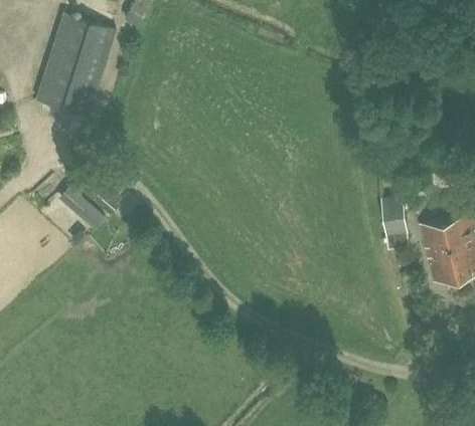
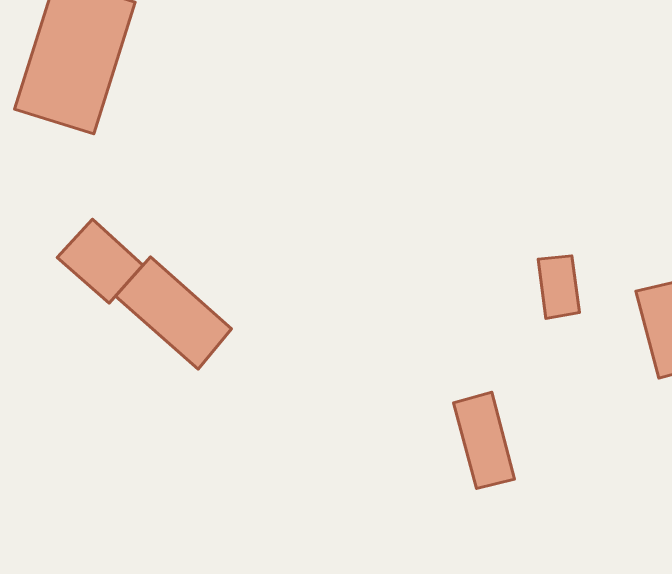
building: none -> [115,257,232,369]
building: [420,222,460,285] -> [454,392,515,488]

